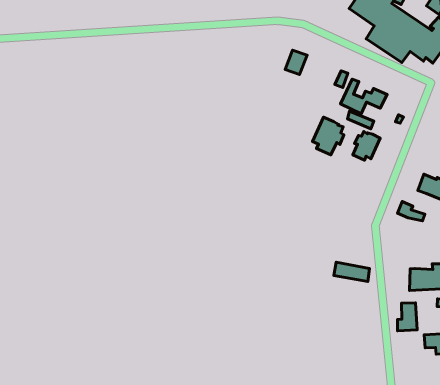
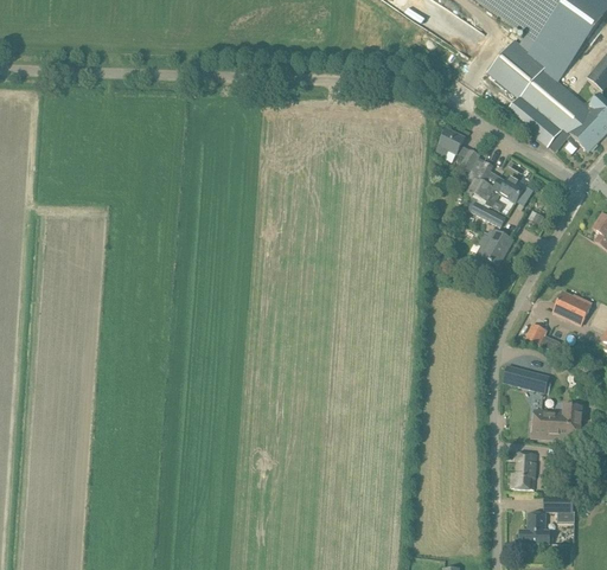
building: [285,50,307,75] -> [436,128,466,160]
building: [312,117,344,155] -> none
building: [334,262,369,282] -> [504,365,550,393]
building: none -> [522,512,550,544]

